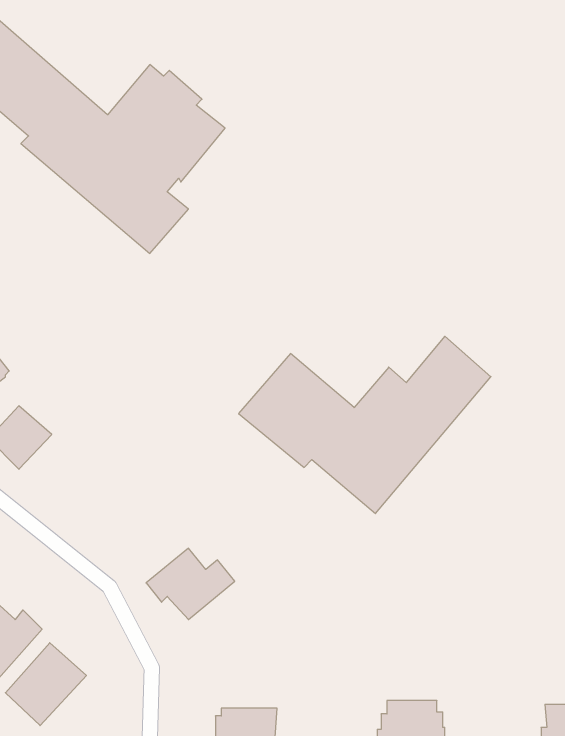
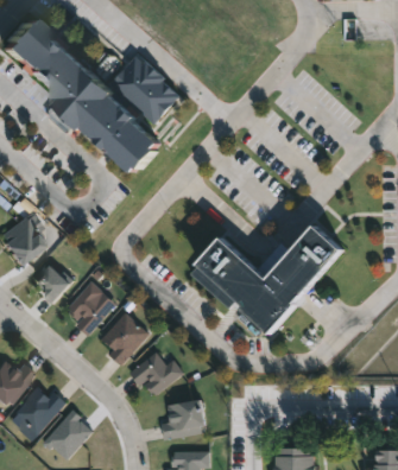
building: none -> [70,281,112,335]
building: none -> [105,312,152,366]
building: none -> [163,399,209,442]

